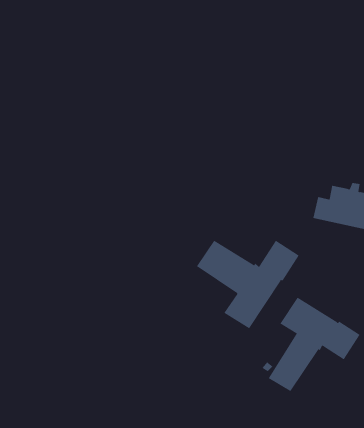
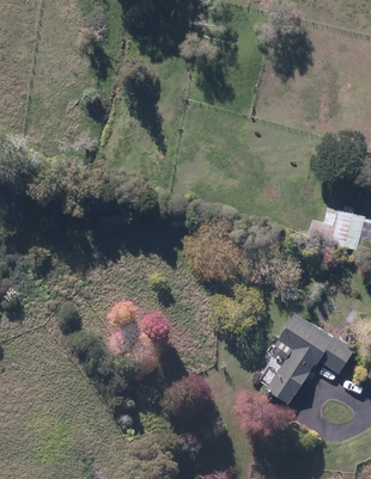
building: [196,240,300,329] -> none

